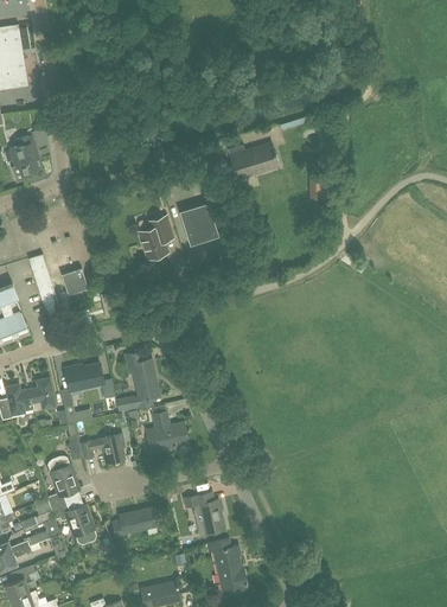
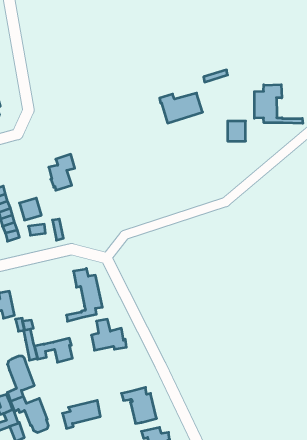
building: none -> [254,85,303,123]
building: [179,202,219,245] -> none
building: [140,216,171,258] -> [49,154,75,190]
building: [62,363,115,407] -> none

